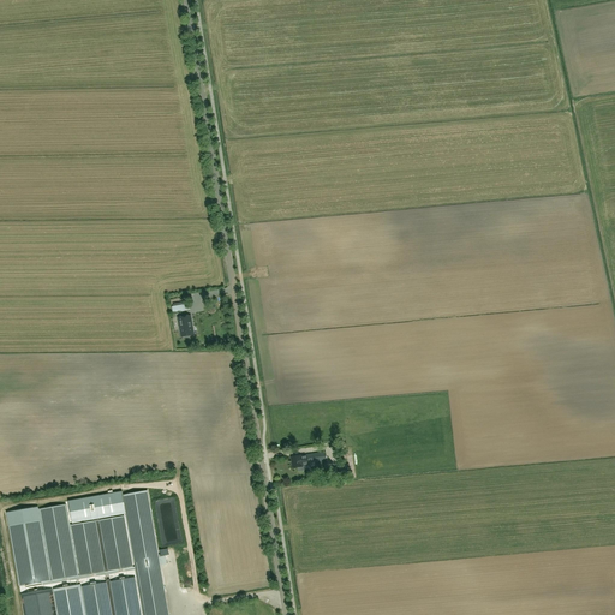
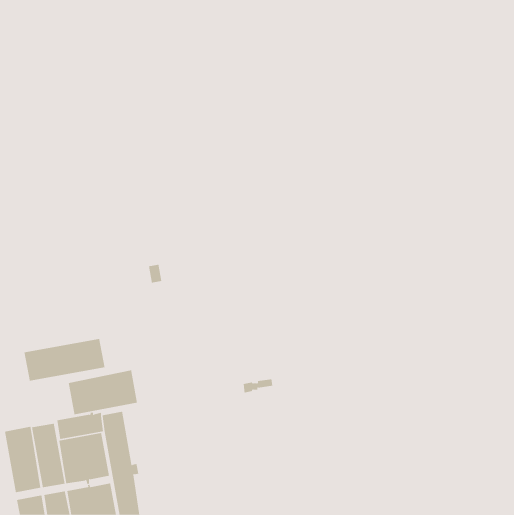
building: none -> [24,338,105,381]
building: none -> [68,369,138,415]

